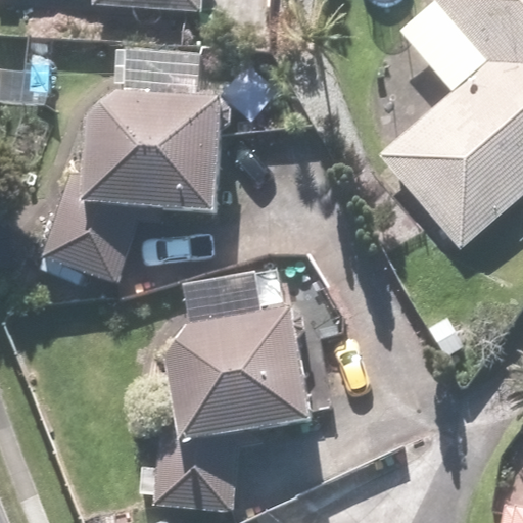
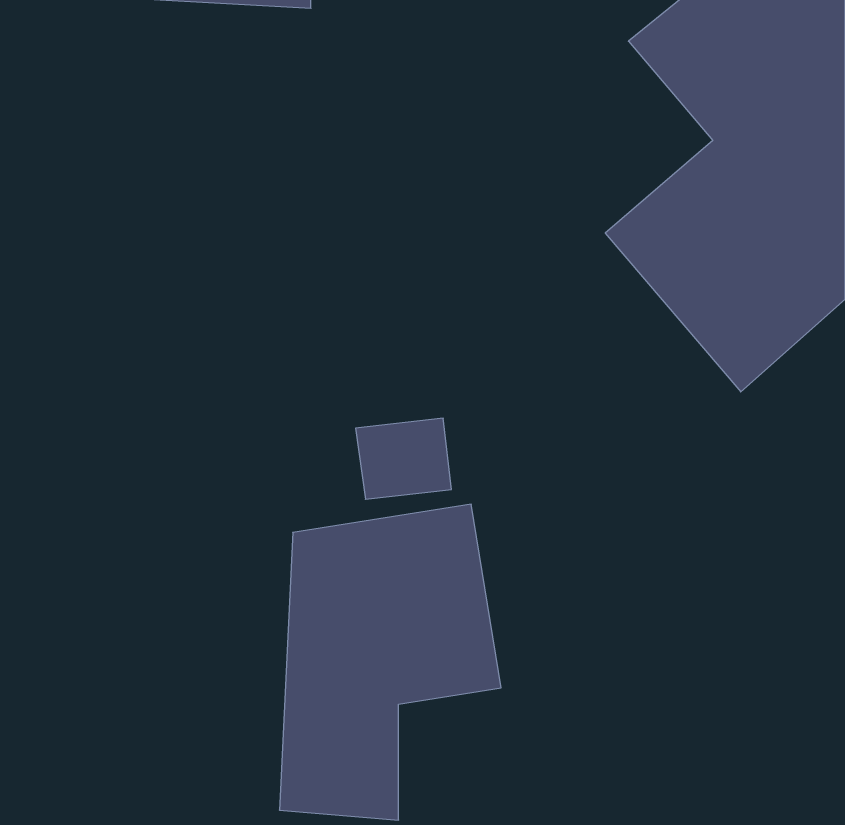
building: [55,103,220,281] -> none

